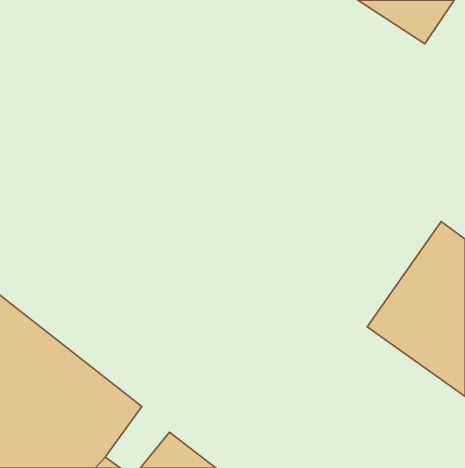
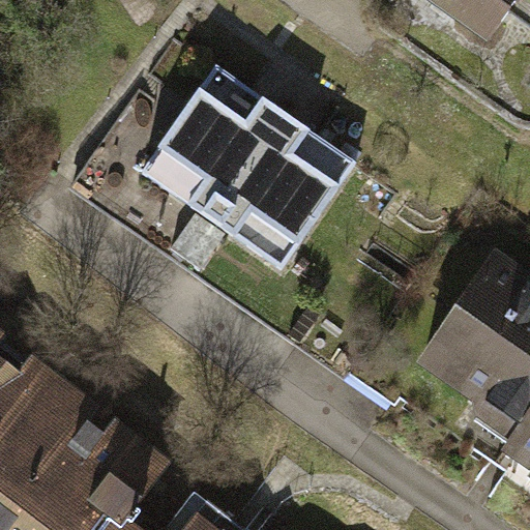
building: none -> [150,71,355,263]

